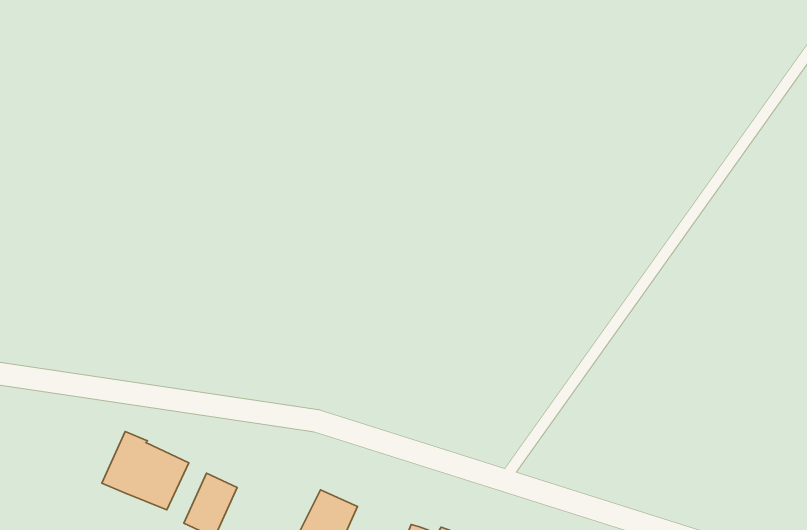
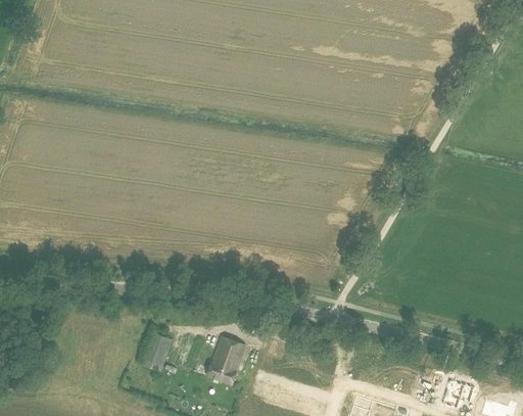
building: [102,432,189,510] -> none

